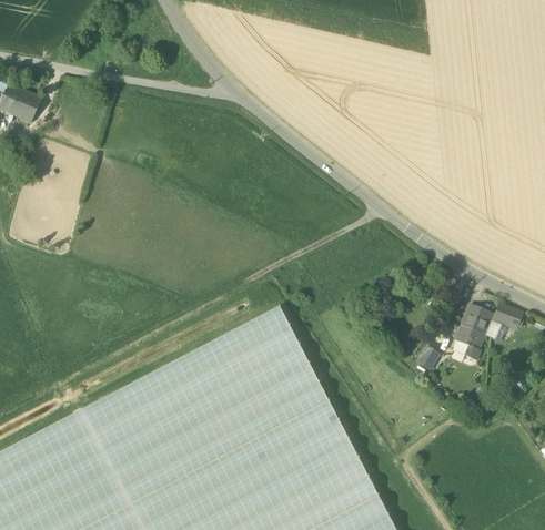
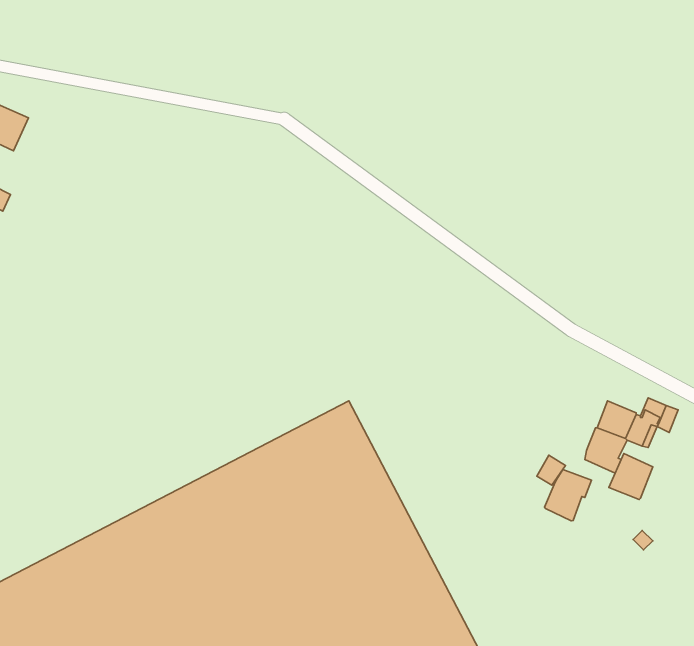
building: none -> [609,453,653,500]
building: none -> [545,469,592,521]

